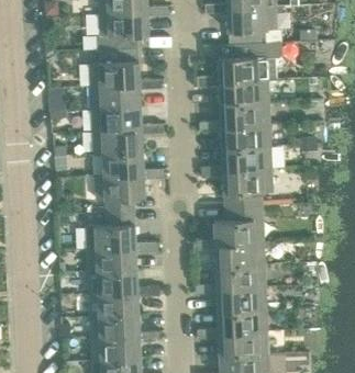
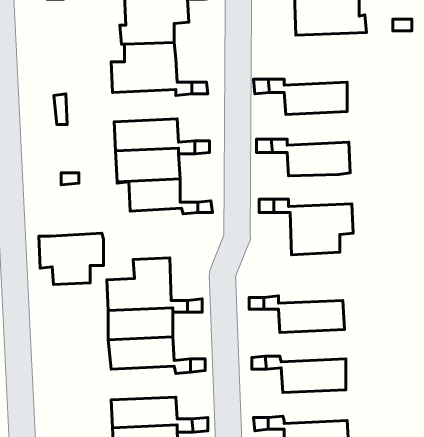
building: [220,43,281,82] -> none
building: [91,86,140,110] -> none
building: [221,102,268,127] -> none
building: [223,148,270,173] -> none
building: [96,174,144,213] -> [39,233,103,284]
building: [214,207,264,246] -> none
building: [217,265,266,290] -> none
building: [90,293,138,318] -> none
building: [219,310,267,336] -> none

